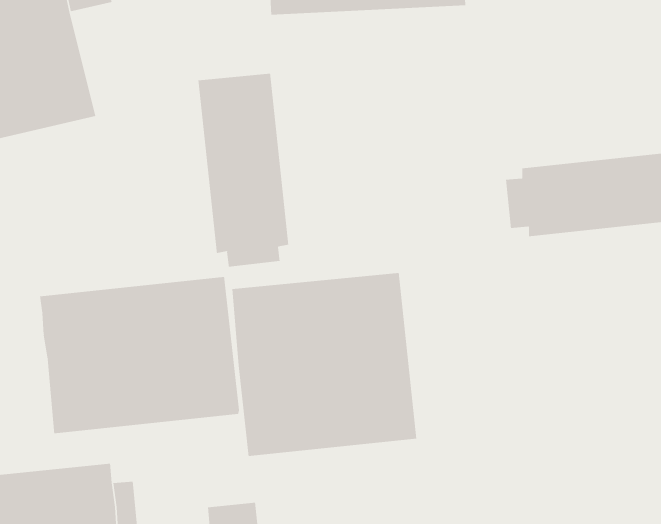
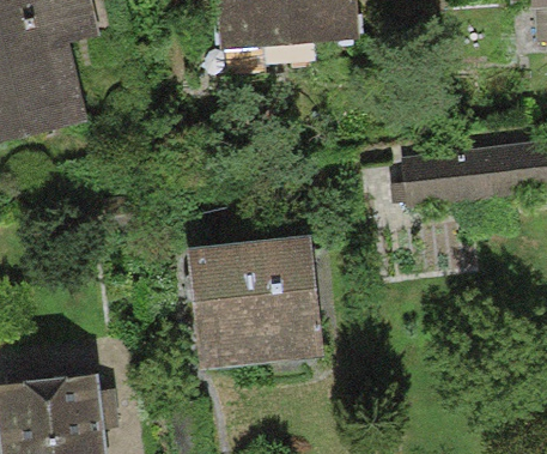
building: [198,73,289,267] -> none
building: [40,276,240,434] -> none

